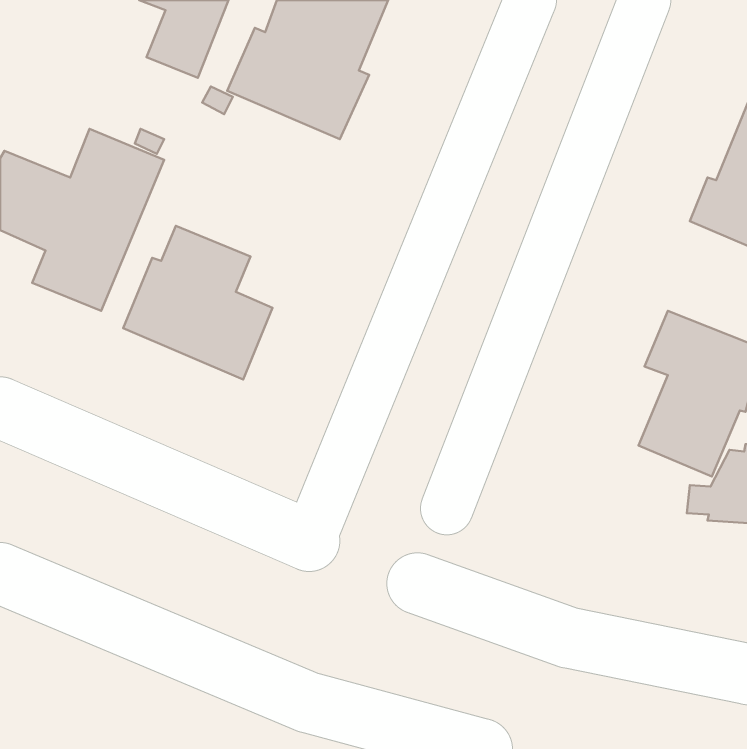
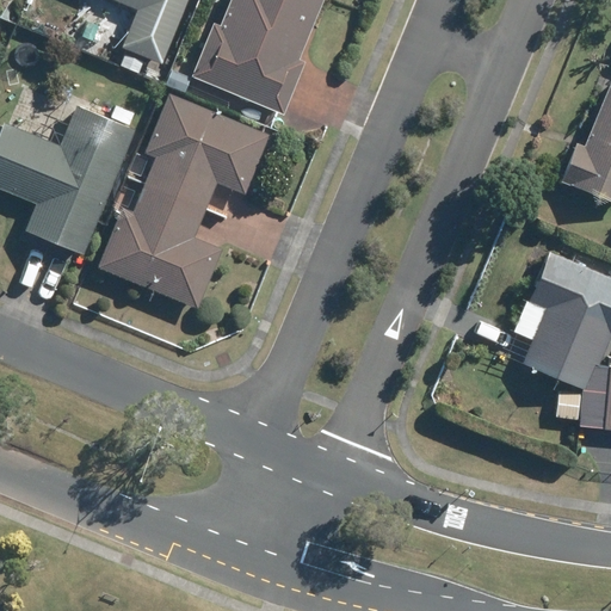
building: none -> [144,95,269,209]

